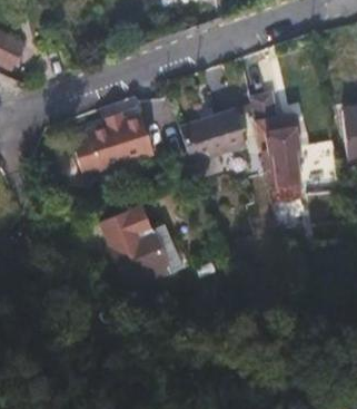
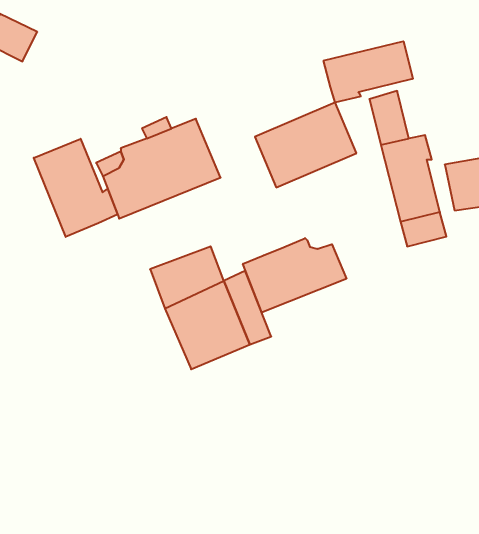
building: none -> [324,41,413,102]
building: none -> [34,139,117,237]
building: none -> [243,238,346,313]

